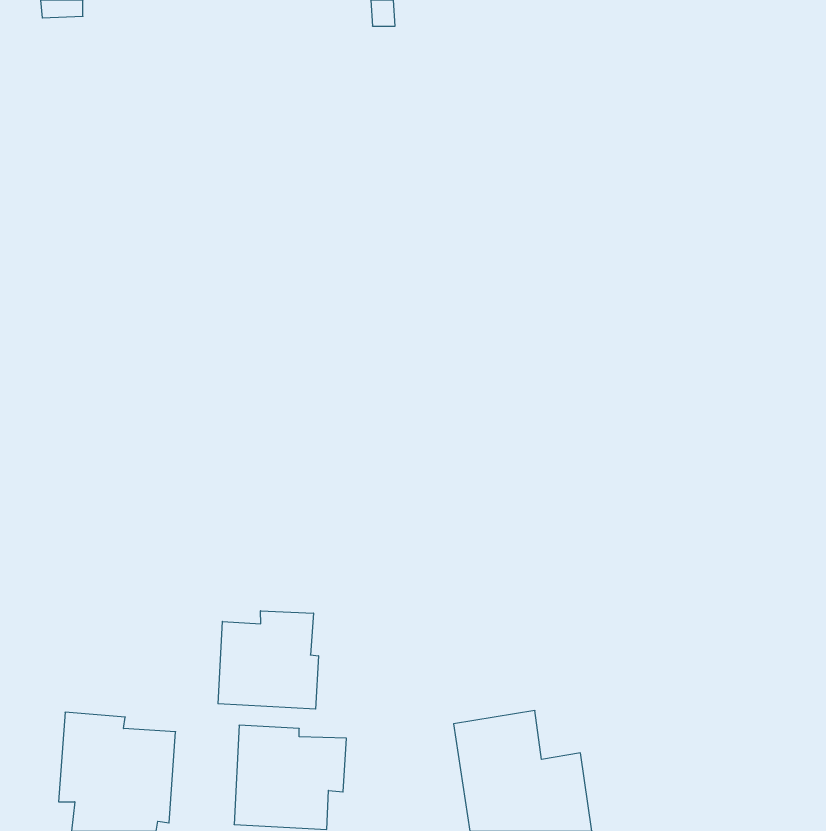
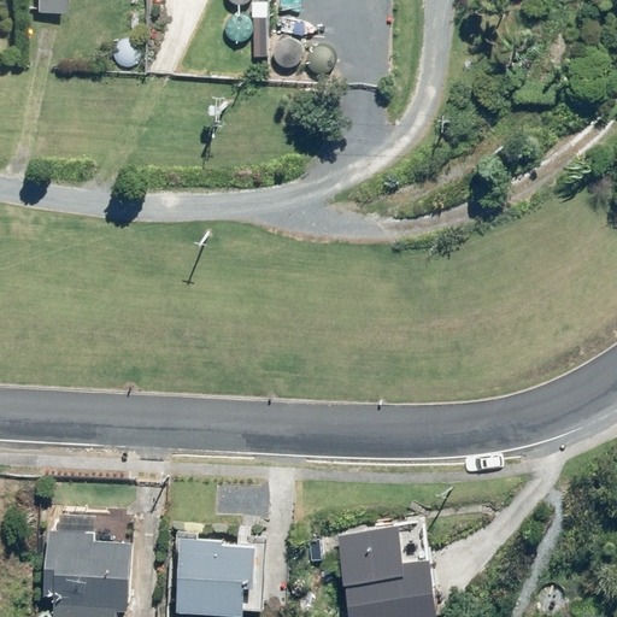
building: [218,611,318,709] -> none

